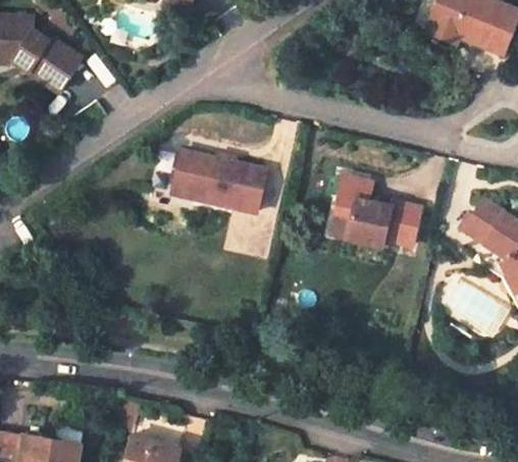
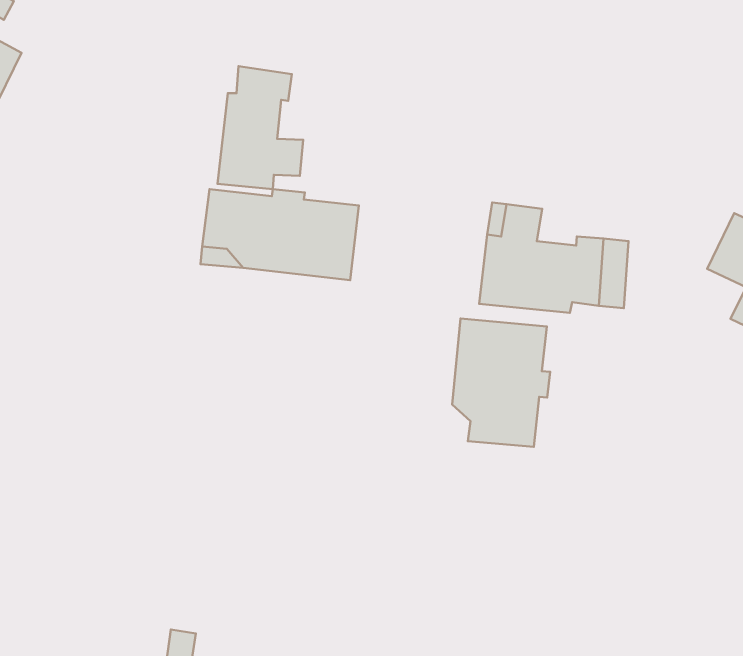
building: none -> [217,66,303,189]
building: none -> [452,319,550,447]

